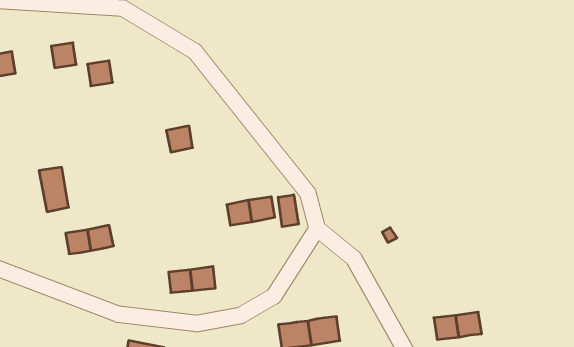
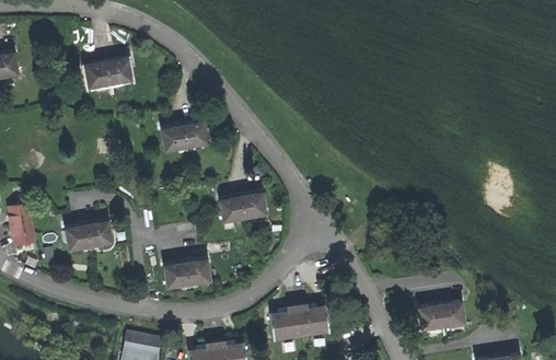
building: [51,43,76,68] -> [107,59,131,83]
building: none -> [184,121,208,146]
building: [39,167,69,212] -> [8,202,36,245]
building: [278,195,299,227] -> none

